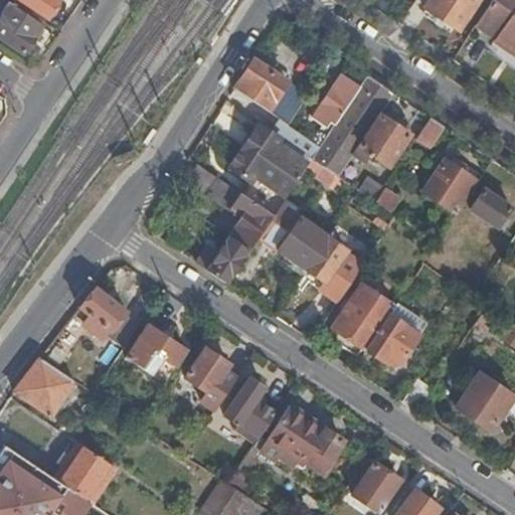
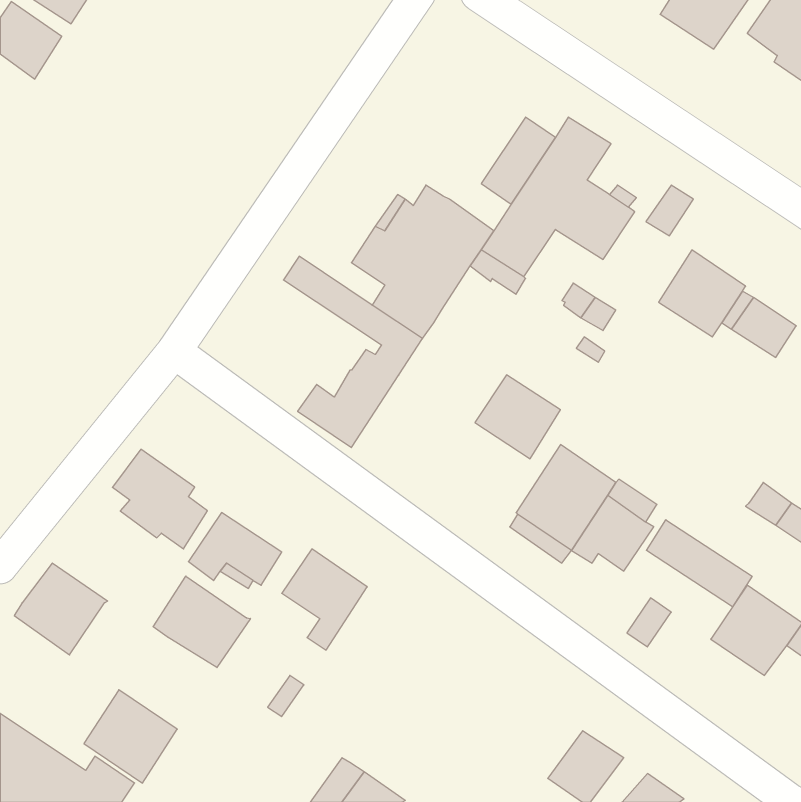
building: [232,58,305,125] -> none
building: [259,205,327,269] -> none
building: none -> [646,520,752,607]
building: none -> [153,576,250,668]
building: [222,378,277,448] -> none
building: [271,407,345,478] -> none

